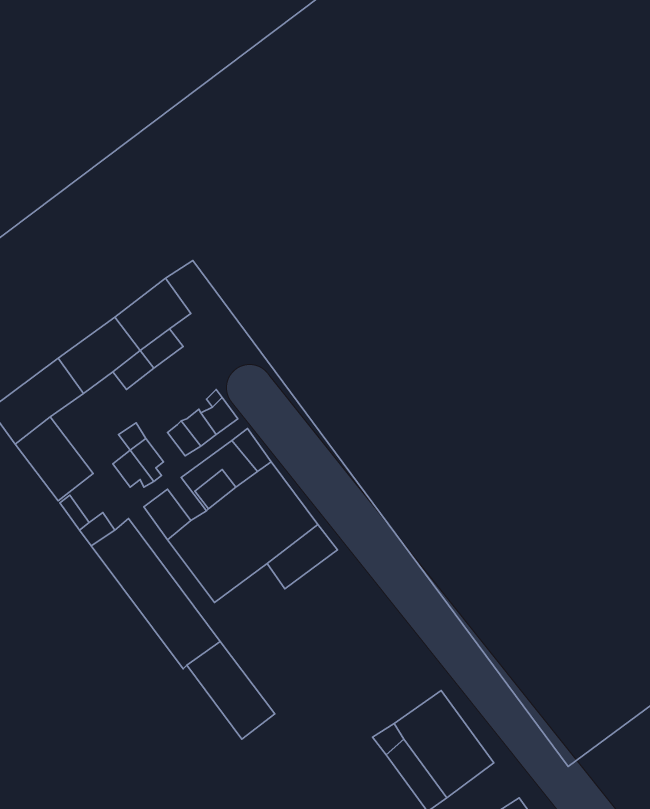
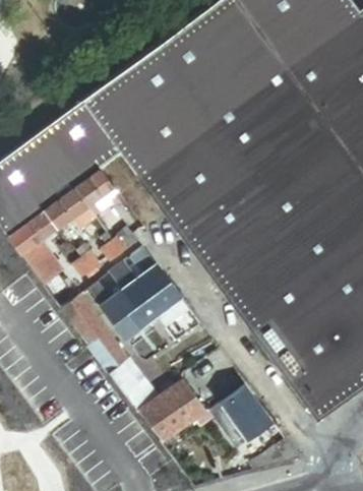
building: none -> [144,377,209,439]

